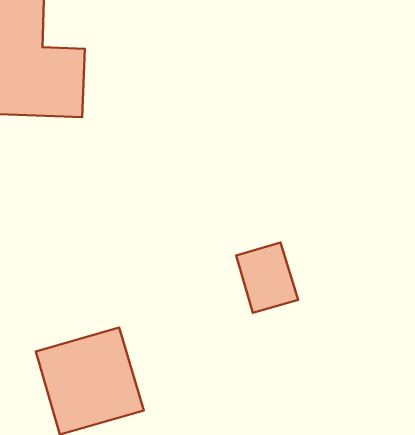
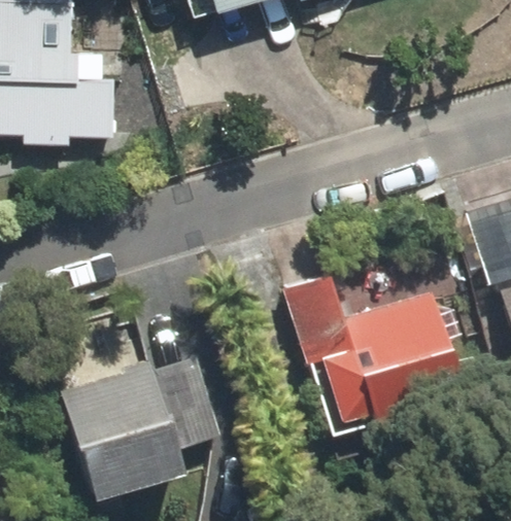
building: none -> [320,318,464,415]

